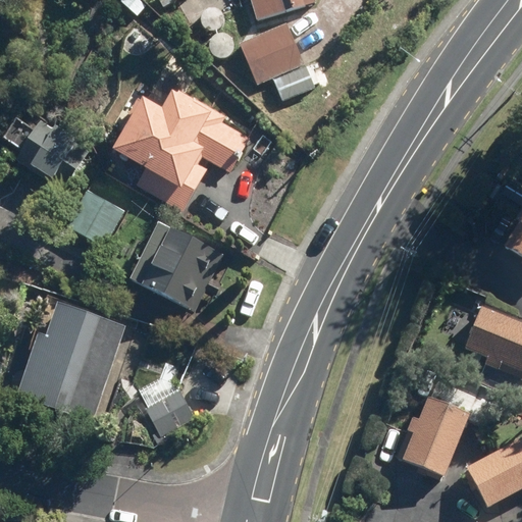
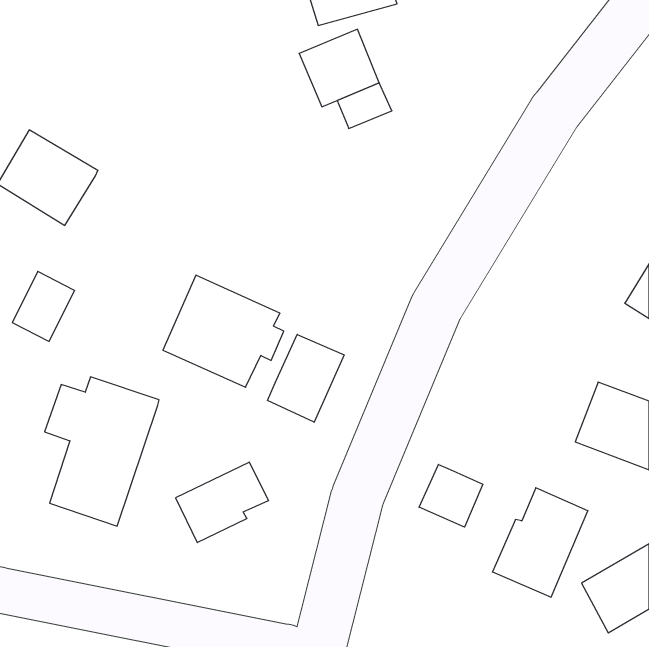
building: [103,88,248,212] -> none
building: [75,192,125,248] -> [12,271,75,341]
building: none -> [267,334,344,422]
building: none -> [419,464,483,527]

